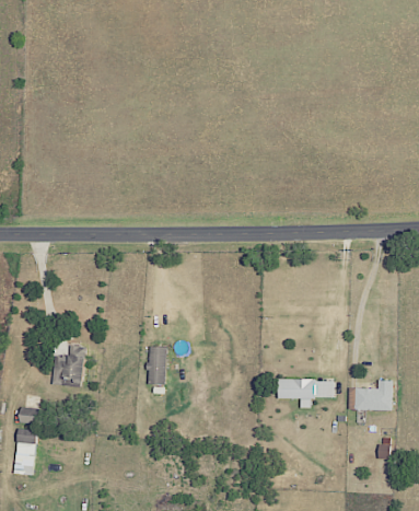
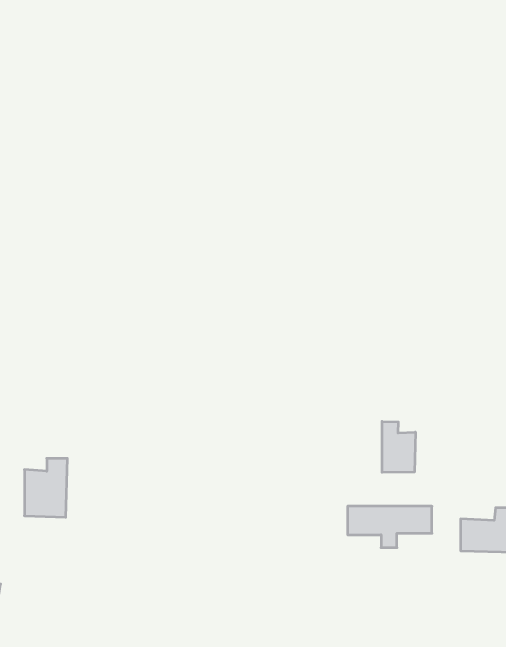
building: none -> [382,421,415,472]
building: [148,346,167,383] -> none

